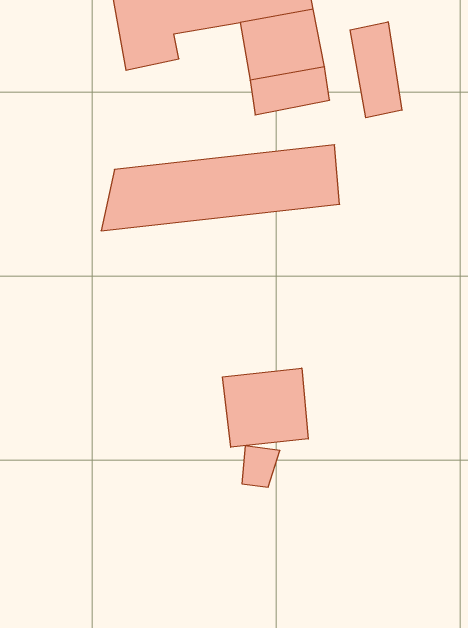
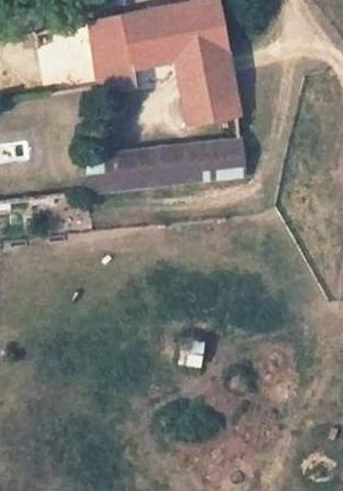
building: [350,22,402,118] -> none
building: [223,368,308,447] -> none

